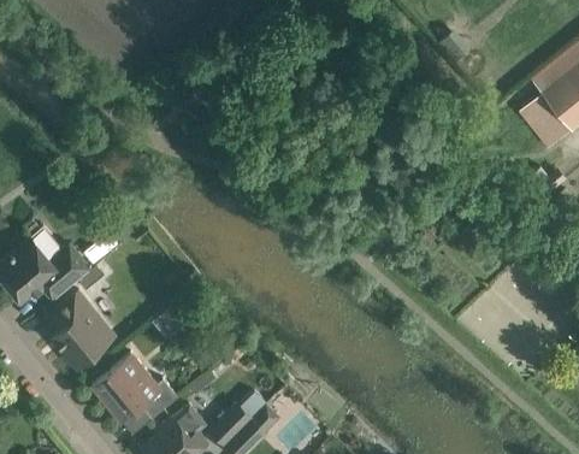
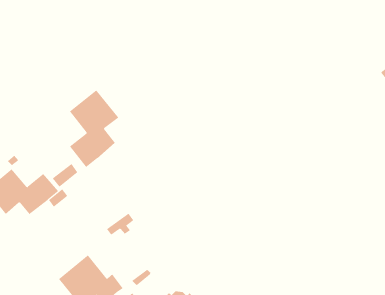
building: none -> [69,90,119,168]
building: [46,291,114,368] -> none

